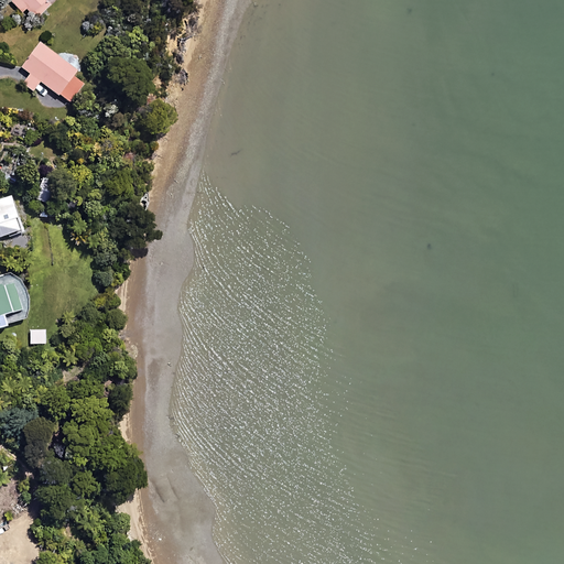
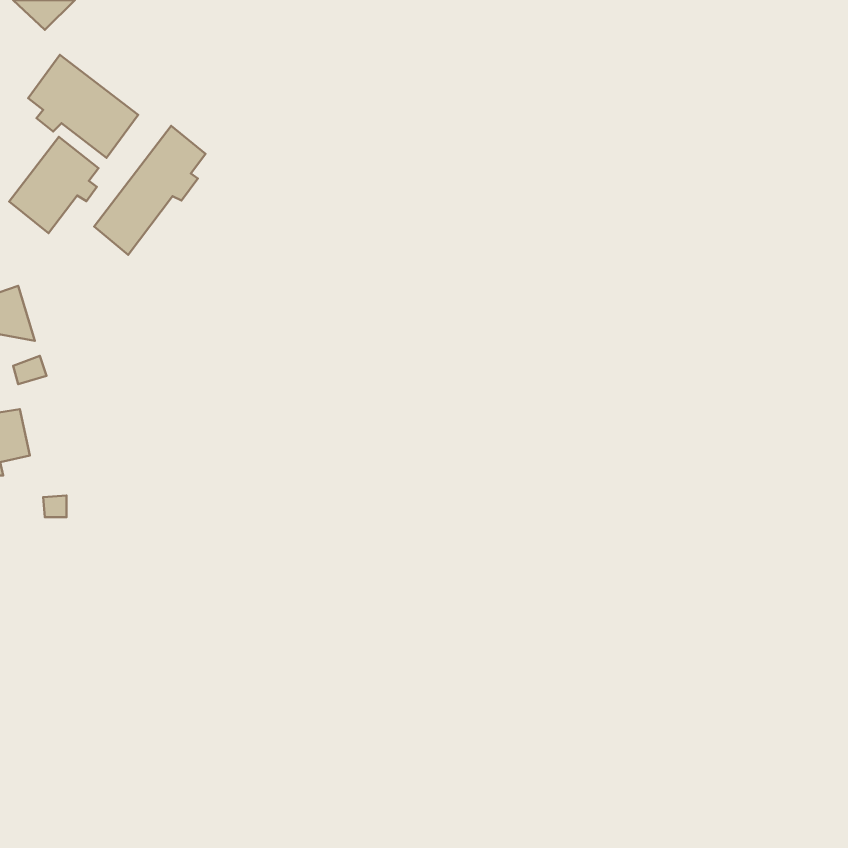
building: none -> [94,126,205,255]
building: none -> [9,137,98,233]

